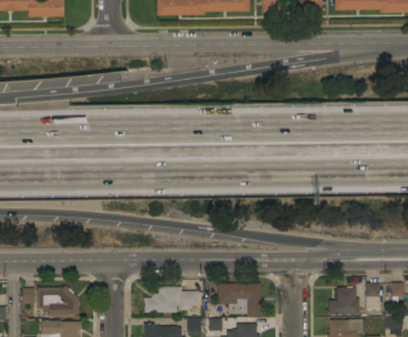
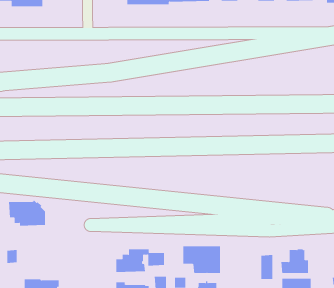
building: [366,283,380,310] -> [260,255,273,279]
building: [37,286,79,316] -> [8,200,46,226]

